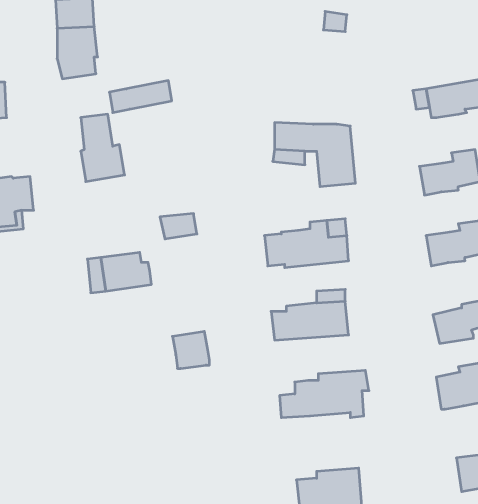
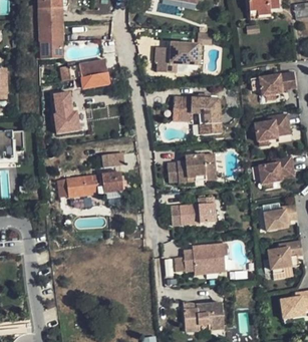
building: none -> [147,38,191,69]
building: none -> [68,59,105,79]
building: [172,331,209,368] -> [99,170,121,193]

